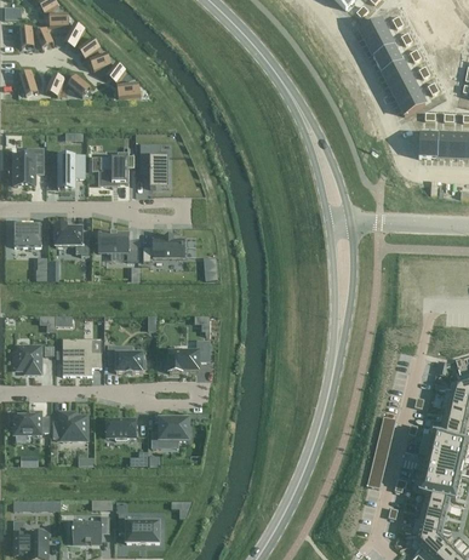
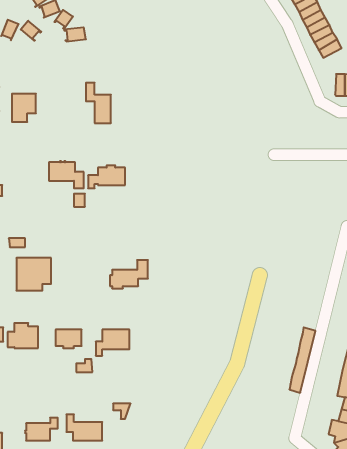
building: [92,150,128,183] -> none
building: [53,224,90,256] -> none
building: [108,345,145,372] -> none

